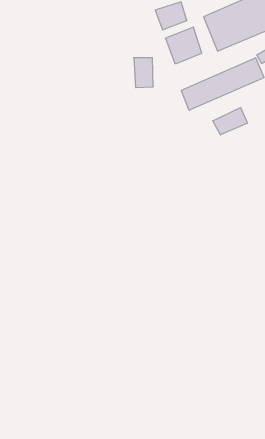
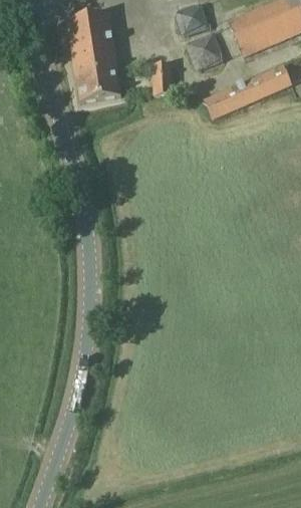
building: none -> [67,13,120,100]
building: [213,108,247,135] -> none

